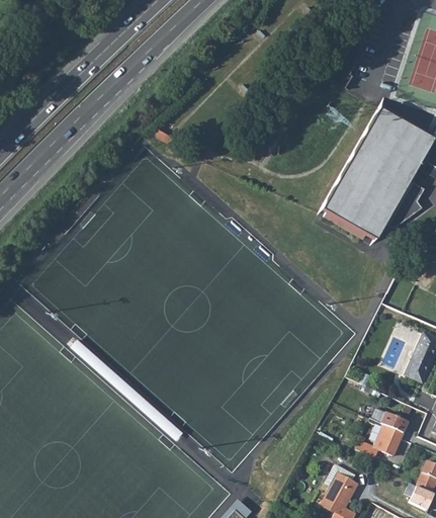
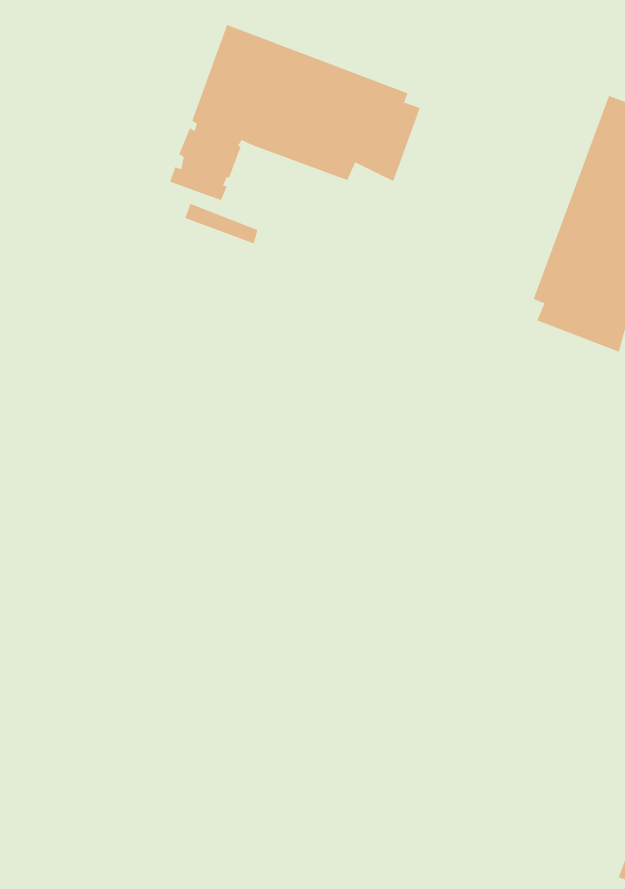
building: none -> [169,24,420,201]

